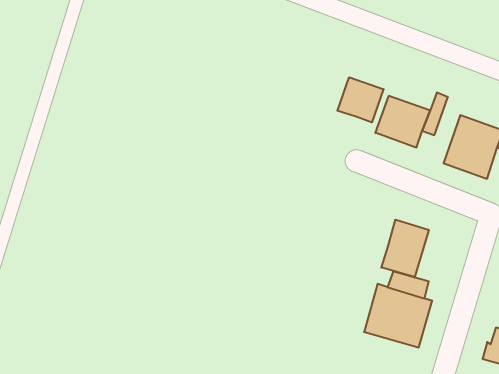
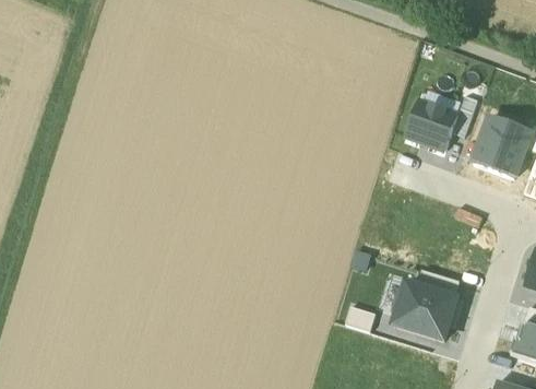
building: [337,77,384,122] -> none
building: [381,220,429,278] -> none

